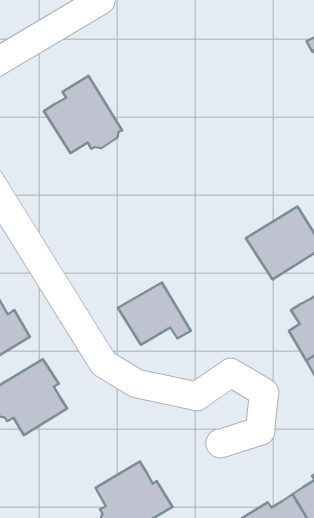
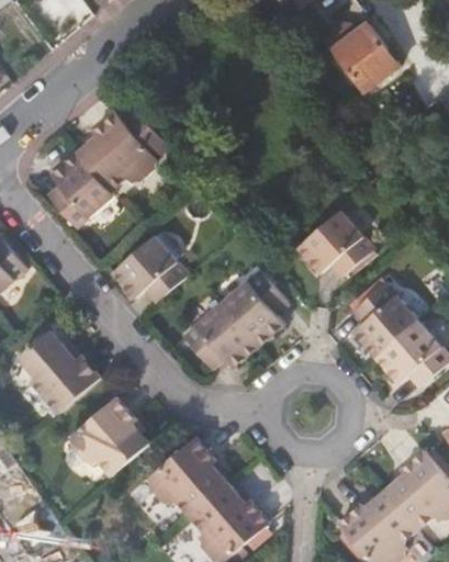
building: none -> [47,153,112,227]
building: none -> [112,236,188,303]
building: none -> [221,270,287,346]
building: none -> [146,437,227,516]

